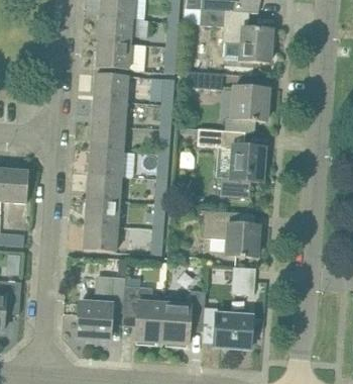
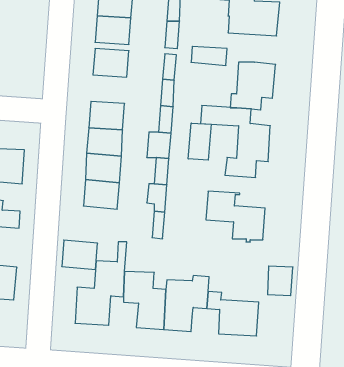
building: [92,98,126,125] -> none
building: none -> [188,123,211,160]
building: [83,223,117,252] -> [62,240,98,270]
building: [231,266,255,294] -> [268,266,293,296]

